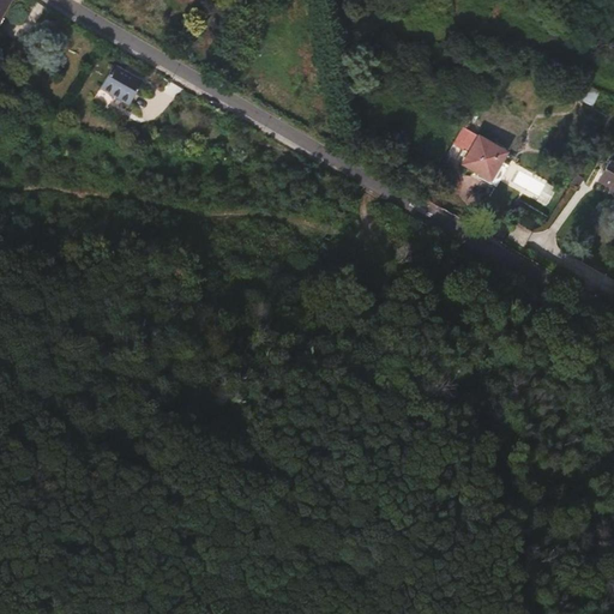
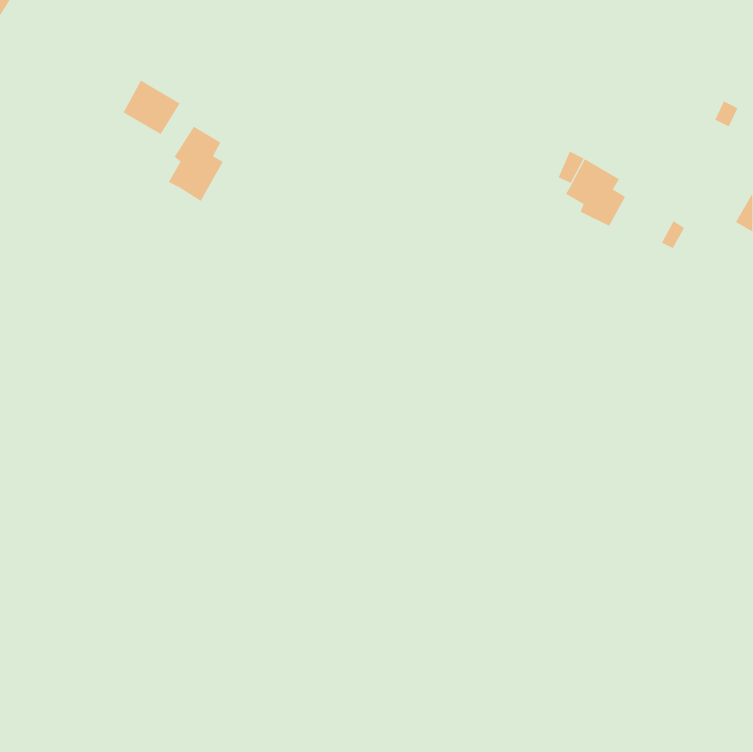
building: none -> [168,126,224,202]

